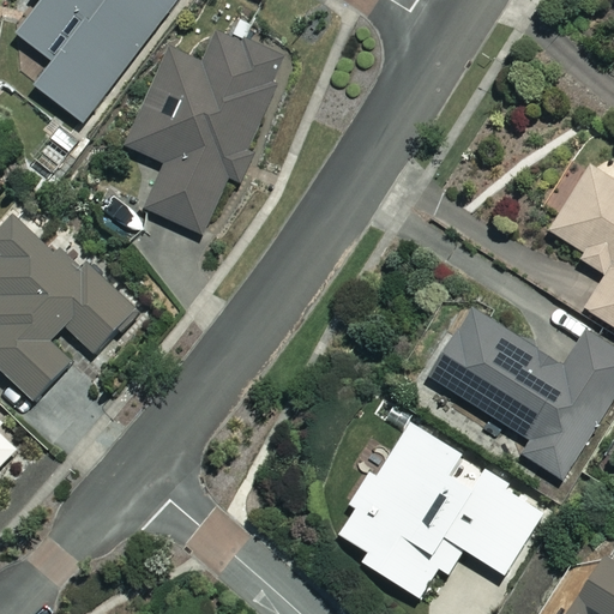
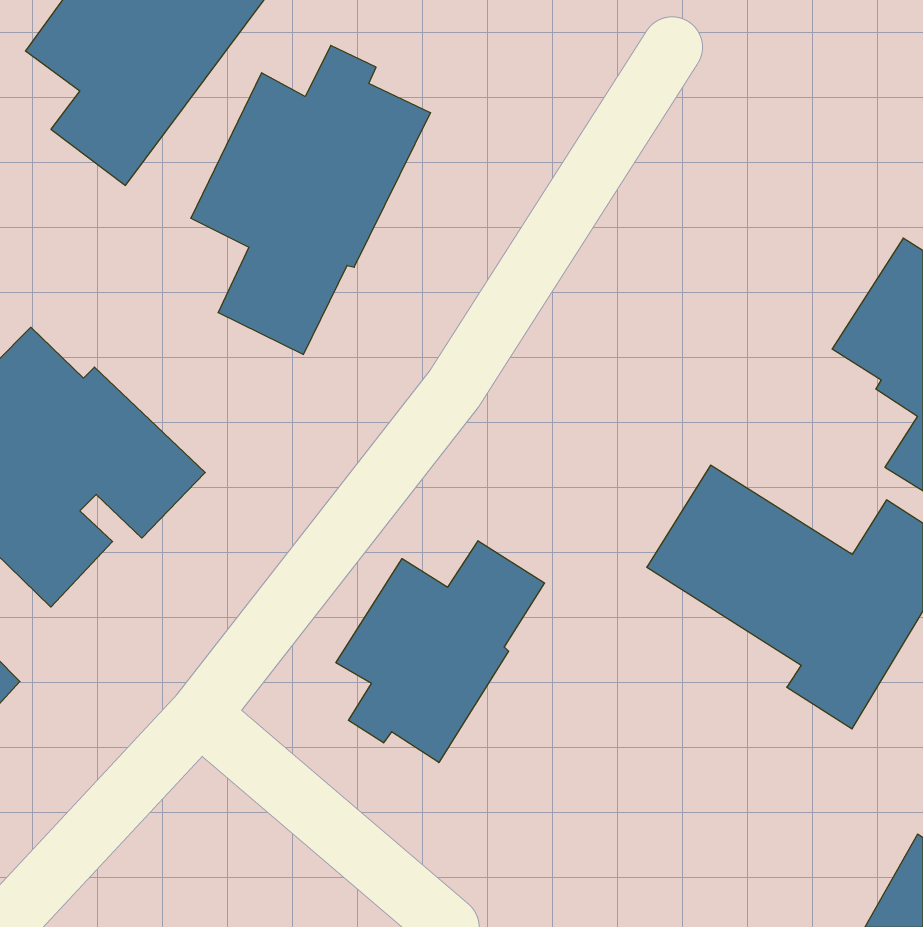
building: none -> [336,541,545,763]
building: [339,423,543,597] -> none

